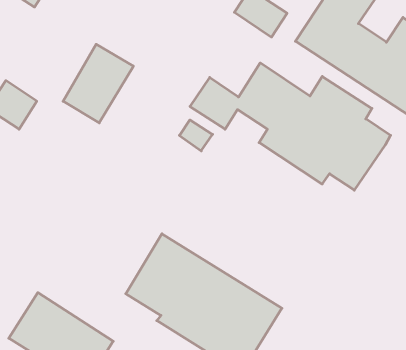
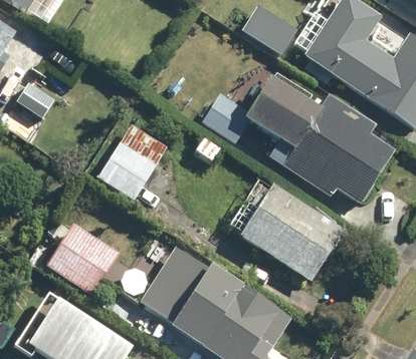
building: [63,44,133,123] -> [99,121,168,198]
building: none -> [237,183,342,281]
building: none -> [49,224,119,292]

